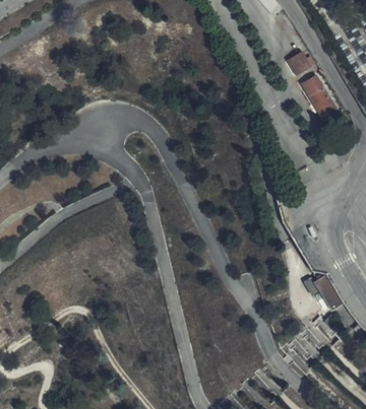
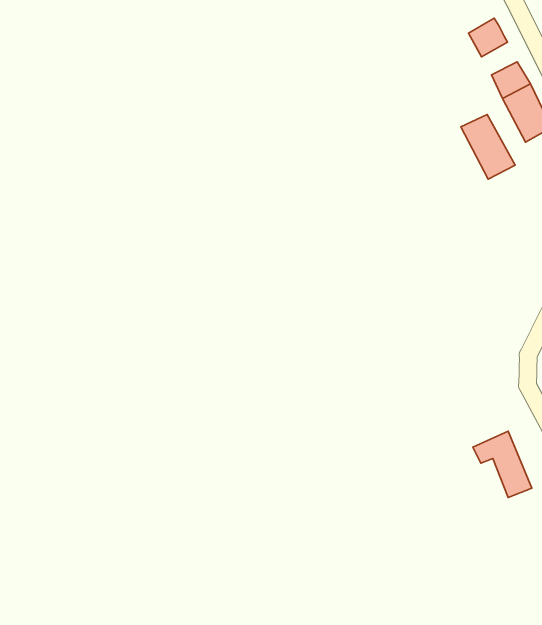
building: none -> [461,114,515,179]

